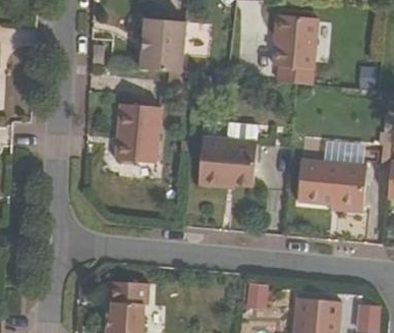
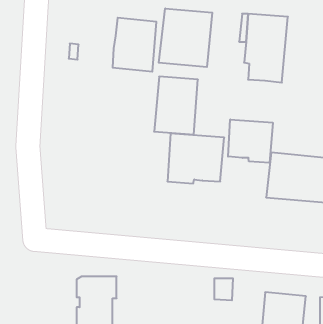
building: none -> [159,8,212,67]
building: [120,101,165,160] -> [154,77,198,135]
building: none -> [228,119,273,163]

